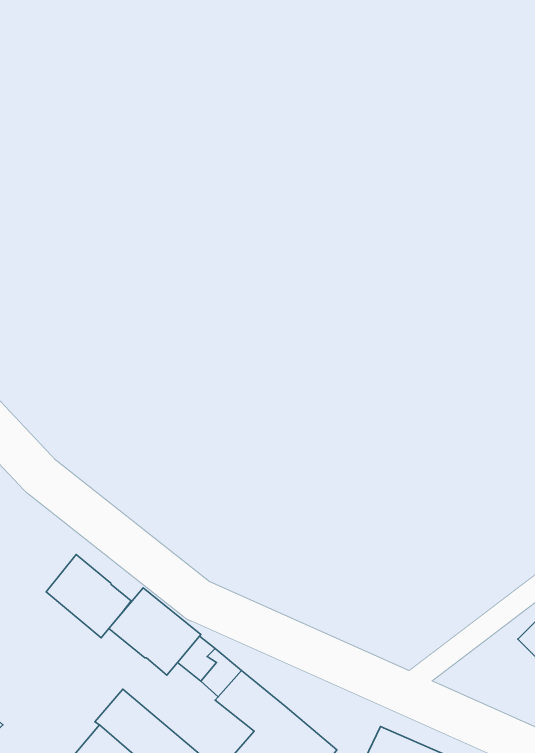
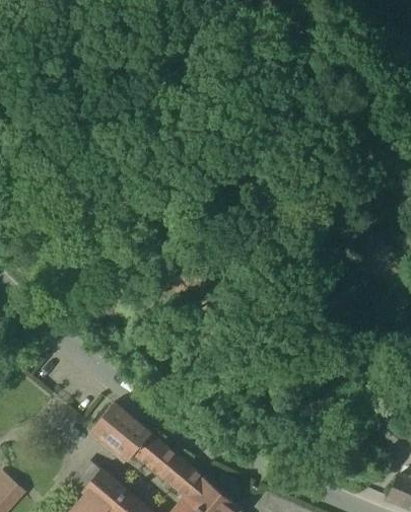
building: [46,554,131,638] -> none

